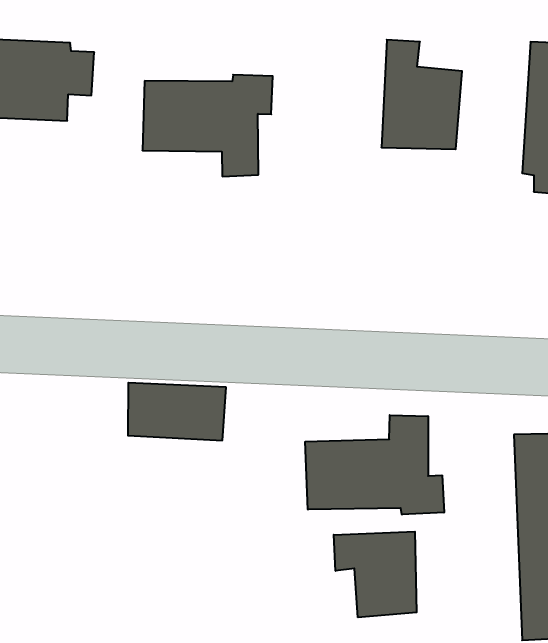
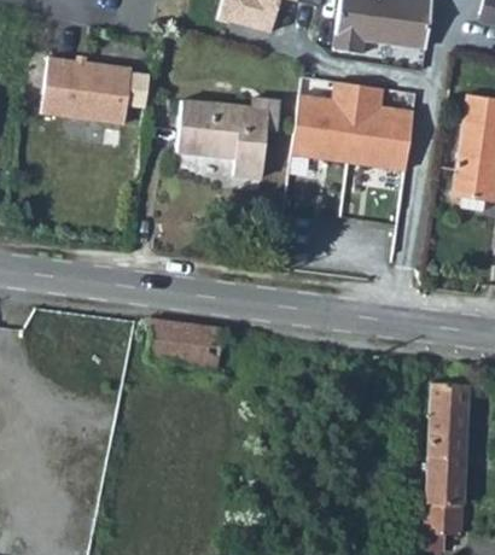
building: none -> [295,83,365,164]
building: [305,415,444,515] -> none
building: [334,532,417,617] -> none

